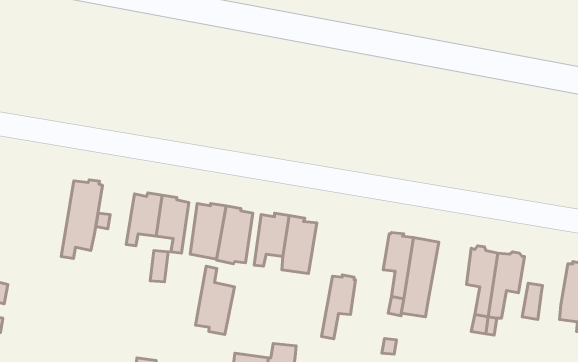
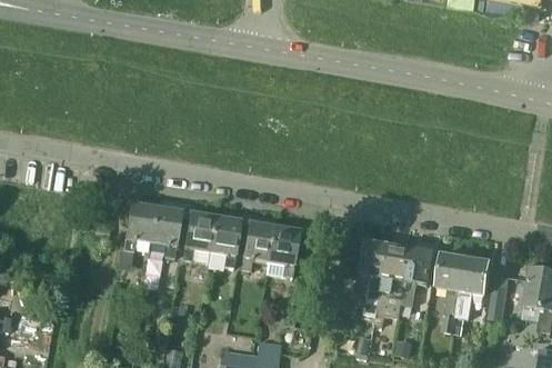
building: [61,180,102,258] -> none
building: [195,266,234,334] -> none
building: [322,275,355,339] -> [401,246,432,305]

